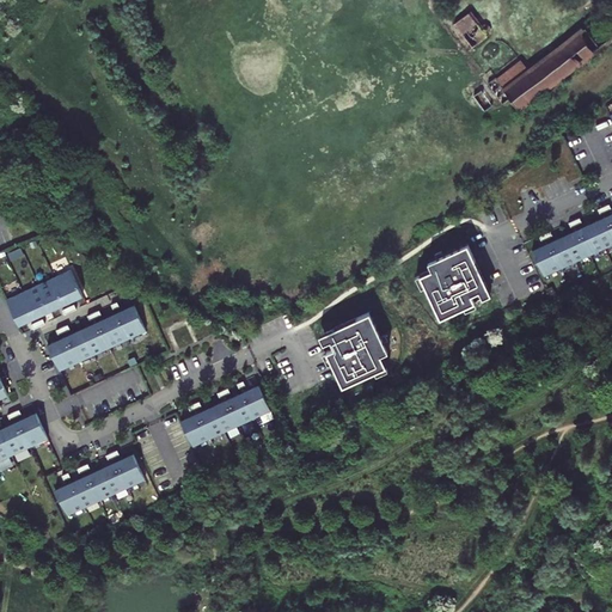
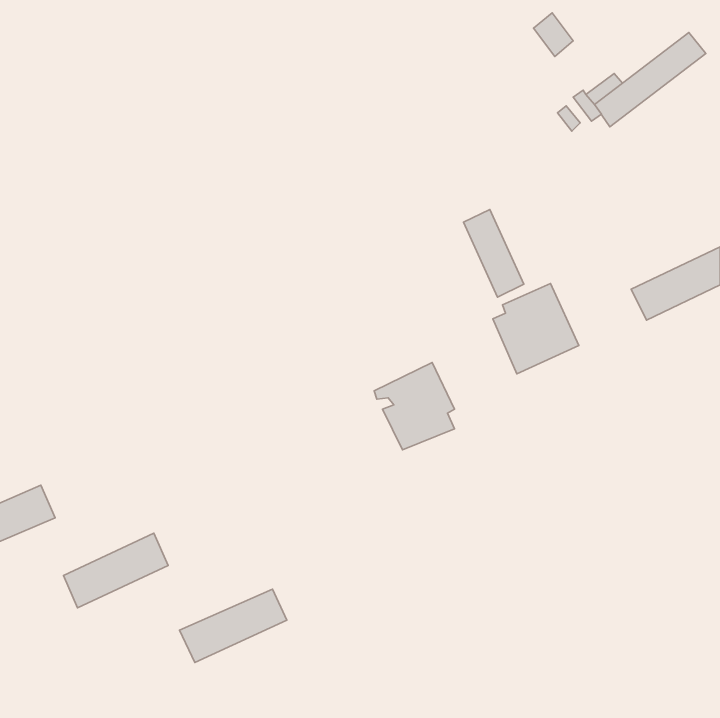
building: none -> [464,209,524,297]
building: [5,270,82,328] -> none
building: [48,307,146,374] -> none
building: [179,386,270,448] -> [179,589,287,663]

